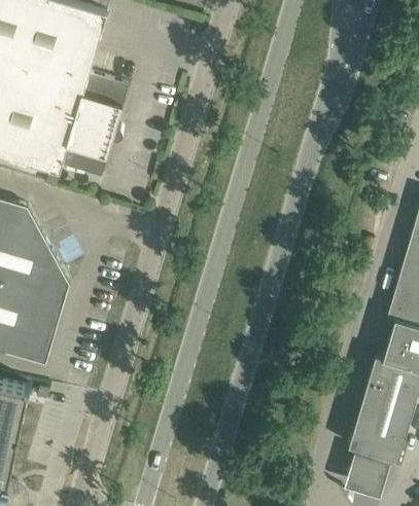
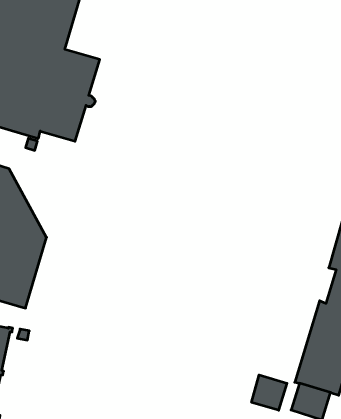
building: none -> [252,375,287,410]

